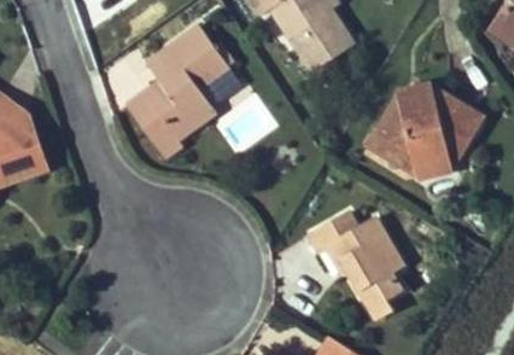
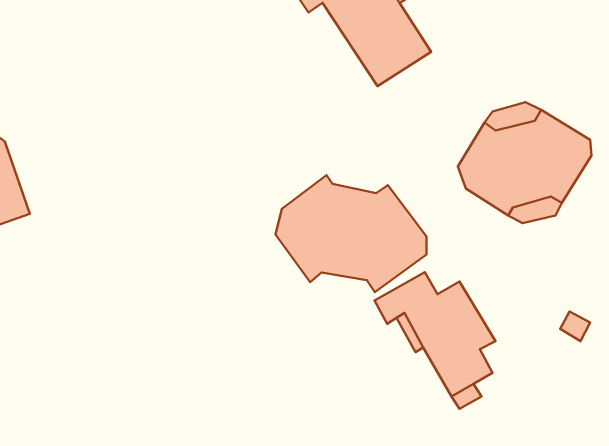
building: [129,25,229,158] -> none
building: none -> [275,175,426,292]

